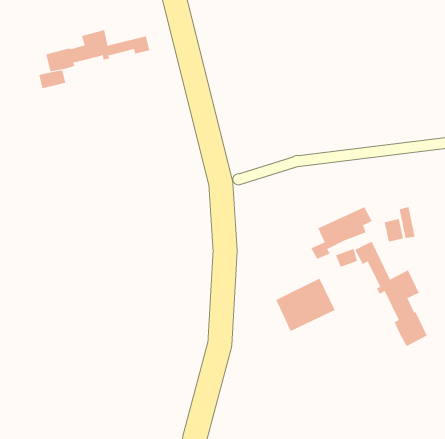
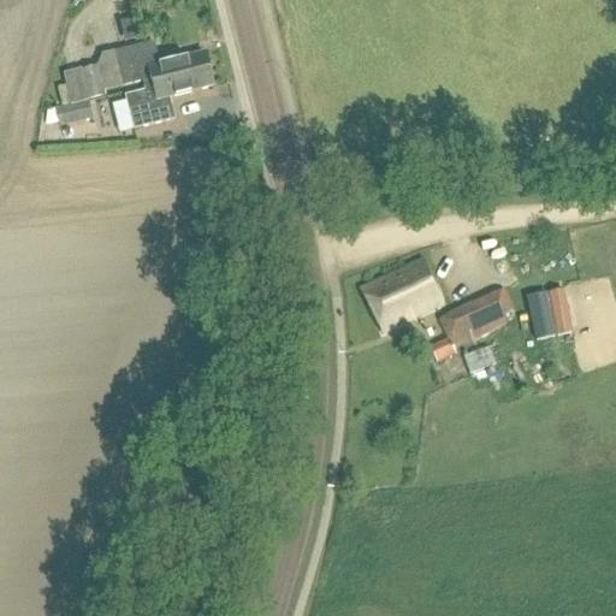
building: none -> [126,69,212,125]
building: [355,241,428,347] -> none
building: [275,278,336,332] -> [362,256,445,331]

